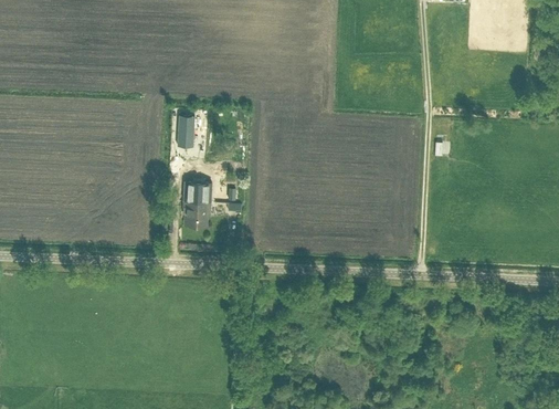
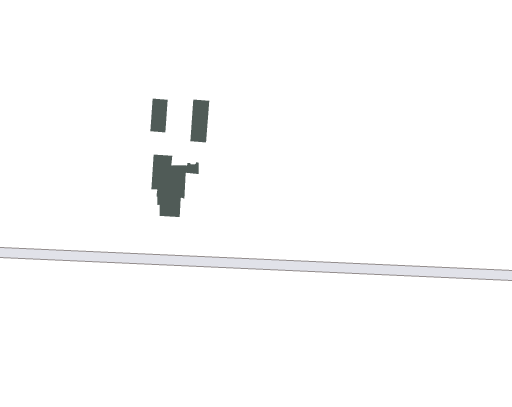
building: none -> [190,99,210,143]

